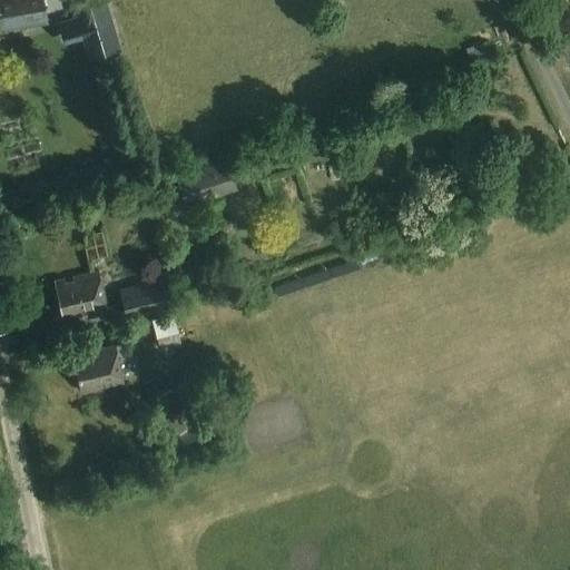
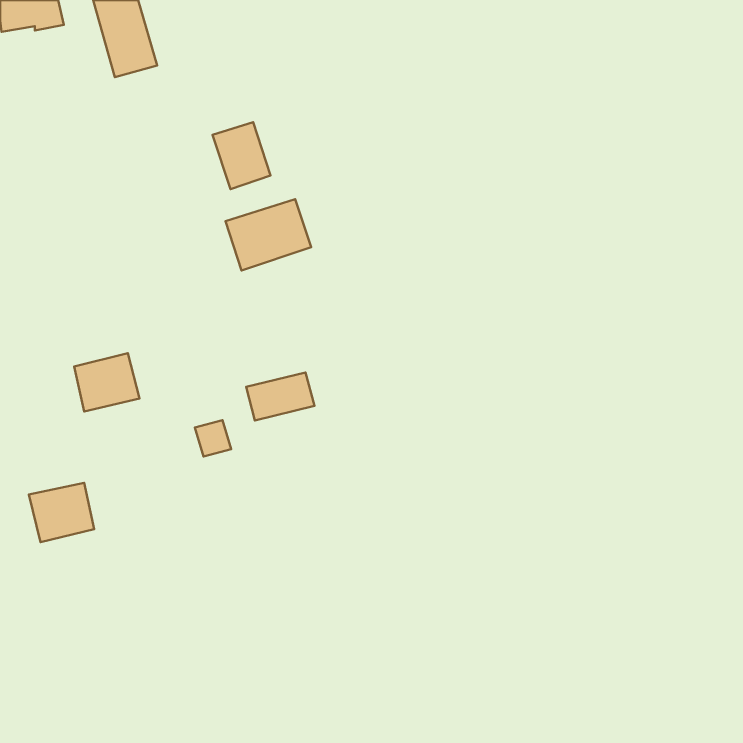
building: none -> [212,122,271,189]
building: [120,277,173,314] -> [246,372,314,420]
building: [72,345,122,391] -> [29,483,94,542]

